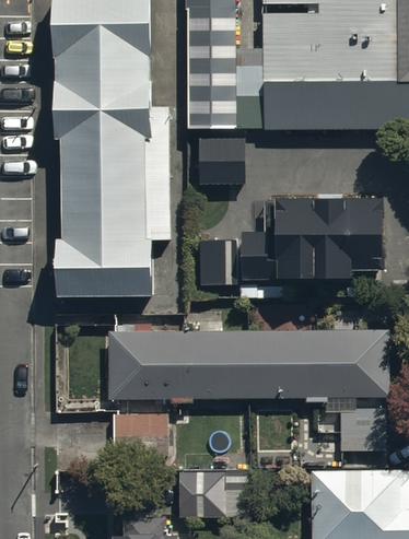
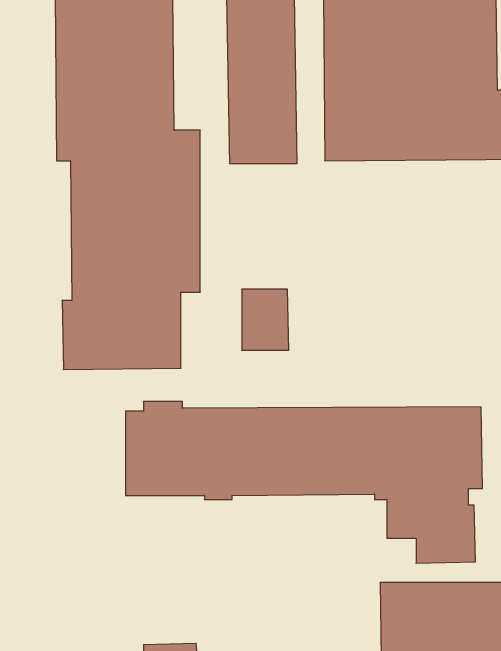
building: [199,141,245,189] -> none
building: [264,198,383,284] -> none
building: [114,413,167,454] -> none
building: [180,470,234,515] -> none

